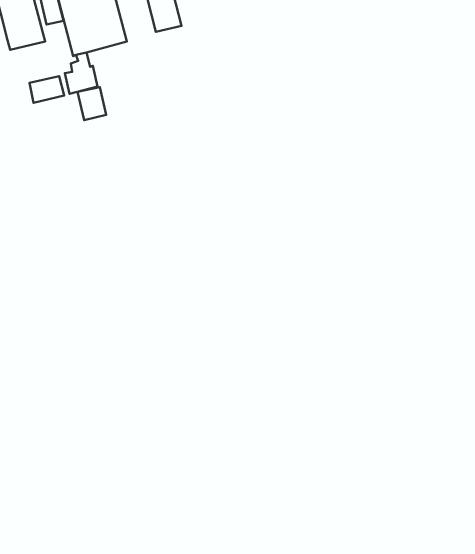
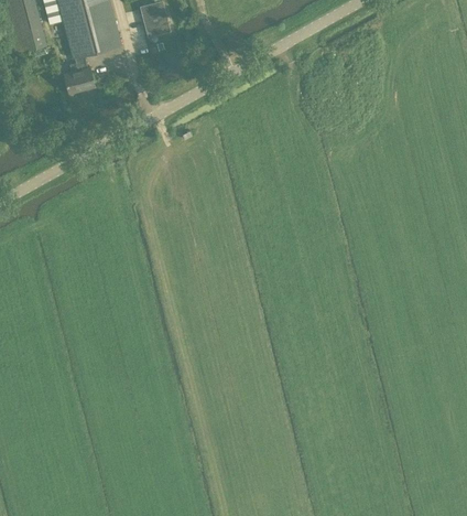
building: [30,76,64,103] -> none
building: [77,87,106,120] -> none

